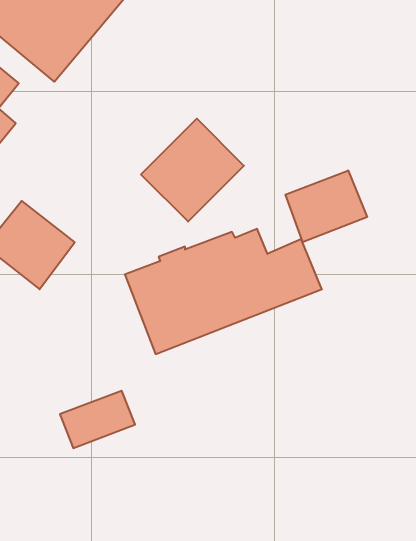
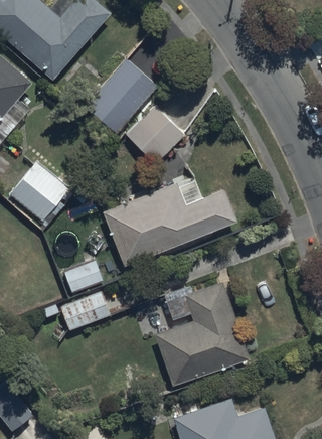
building: none -> [82,59,158,138]
building: [285,170,367,242] -> none
building: none -> [155,282,251,386]

